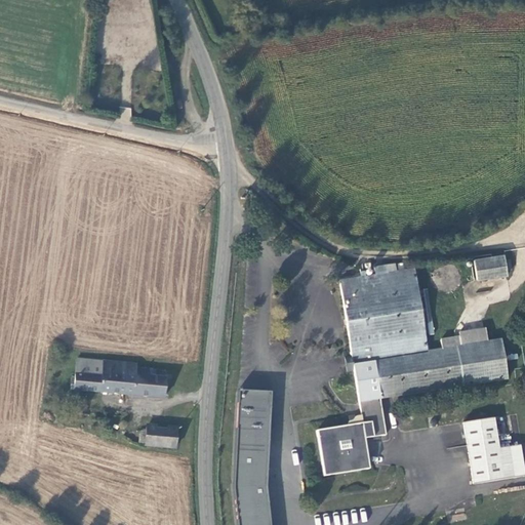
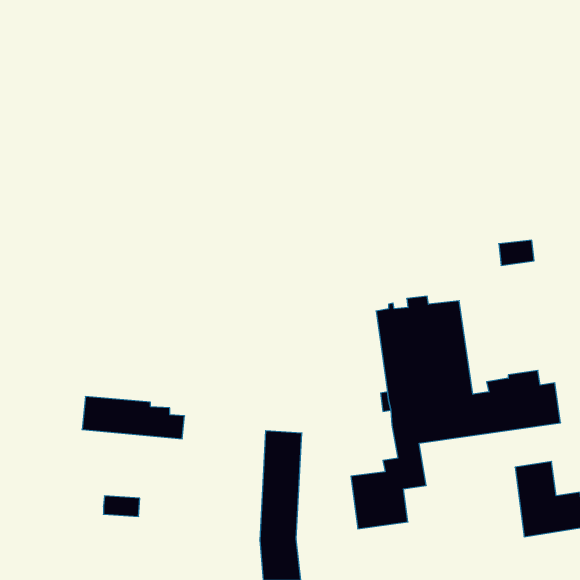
building: [476,255,508,278] -> [499,240,534,265]
building: [146,426,178,444] -> [103,496,140,516]

